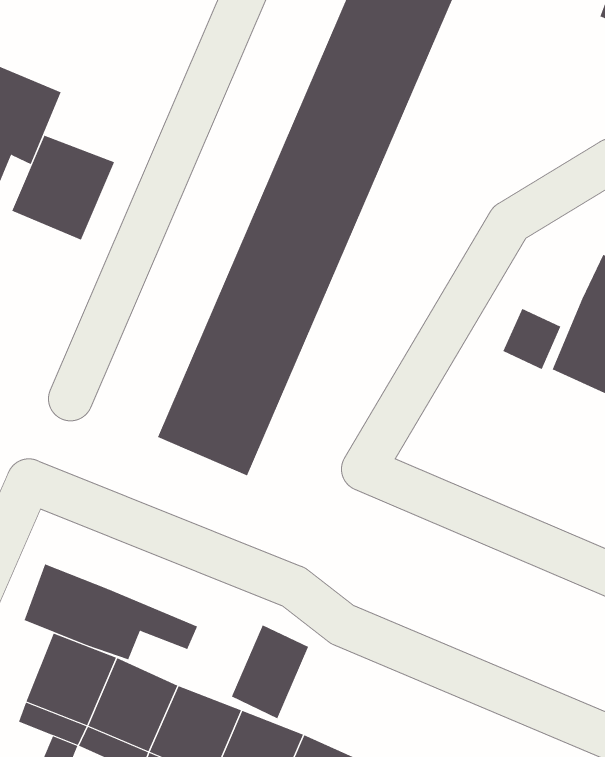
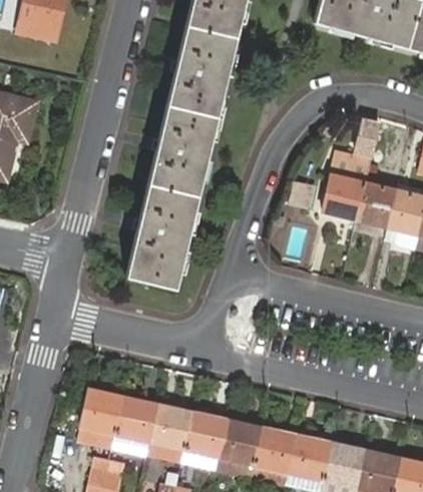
building: [11,135,115,241] -> none
building: [24,563,198,660] -> none
building: [231,624,309,719] -> none

